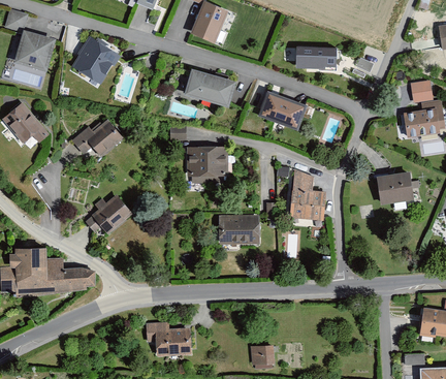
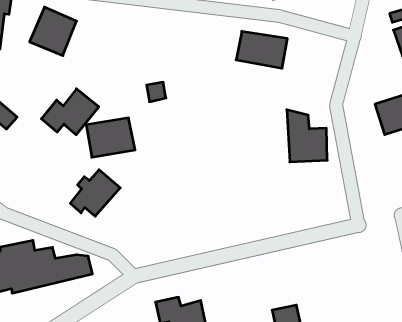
building: [181,68,233,106] -> none
building: [188,146,228,176] -> [86,118,135,157]
building: [219,214,259,244] -> none

